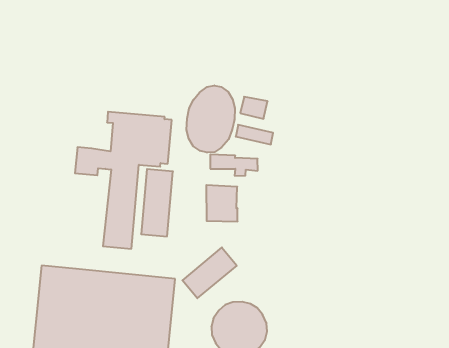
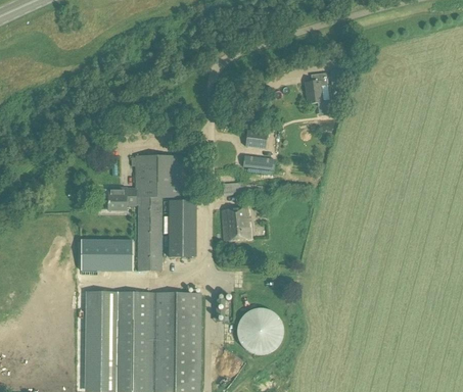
building: none -> [304,71,327,102]
building: [187,85,235,153] -> none
building: none -> [81,238,132,269]
building: [182,247,237,298] -> none

